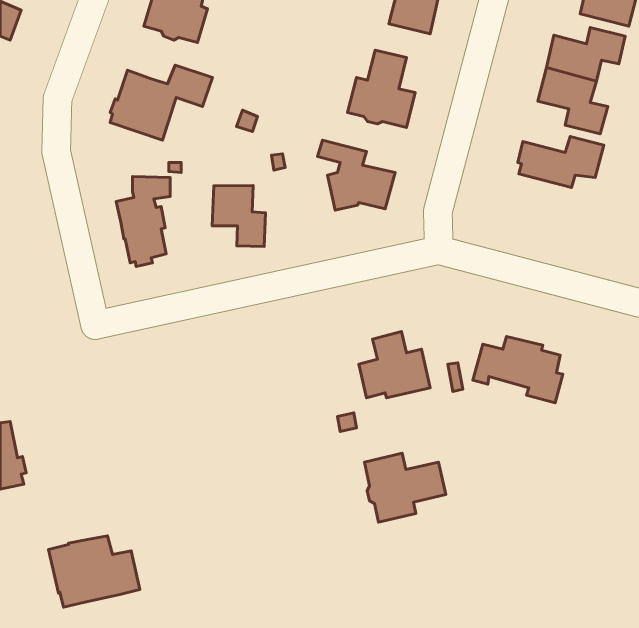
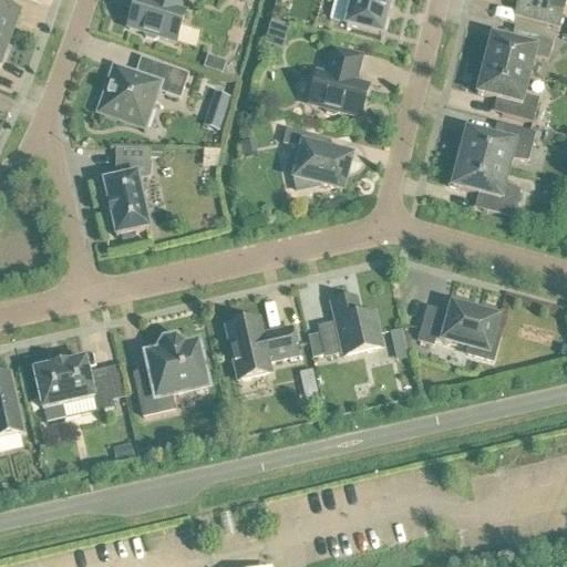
building: none -> [449,154,519,214]
building: [212,186,266,247] -> none
building: none -> [134,336,206,413]
building: [365,453,446,522] -> [225,316,297,377]
building: [49,536,140,607] -> [32,355,113,419]

